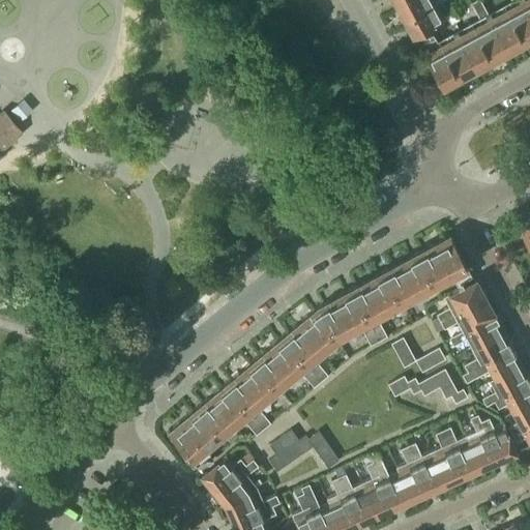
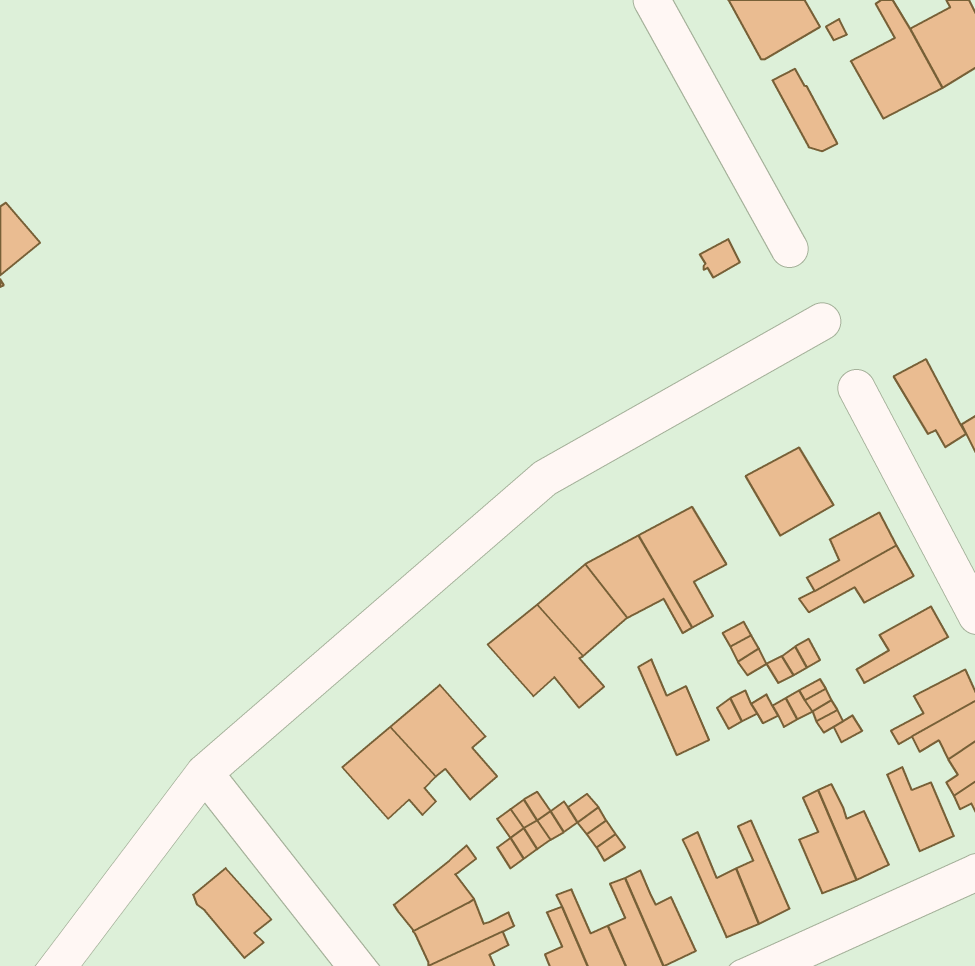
building: [438,39,479,84] -> none
building: [434,239,473,287] -> [894,359,966,447]
building: [376,264,423,312] -> none
building: [450,318,505,350] -> none
building: [464,351,524,386] -> none
building: [239,355,290,405] -> none
building: [469,418,499,474] -> none
building: [169,421,211,470] -> [193,868,271,958]
building: [408,446,446,498] -> [638,659,709,755]
building: [201,460,246,496] -> none
building: [364,467,394,521] -> none

